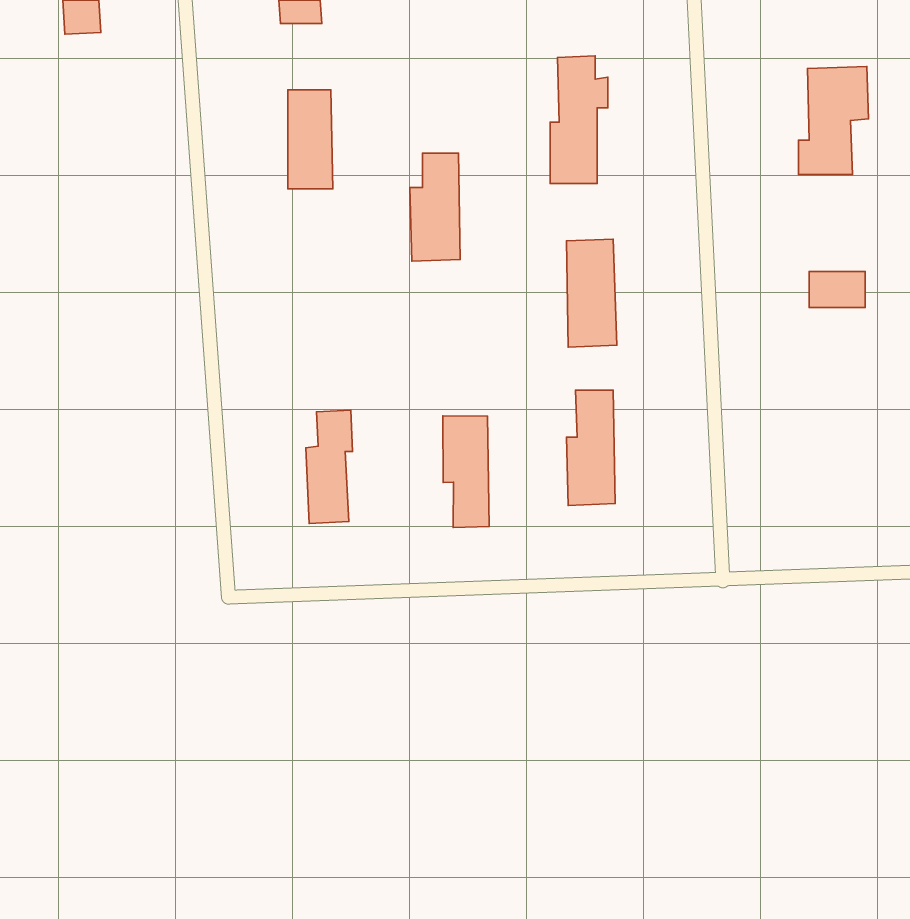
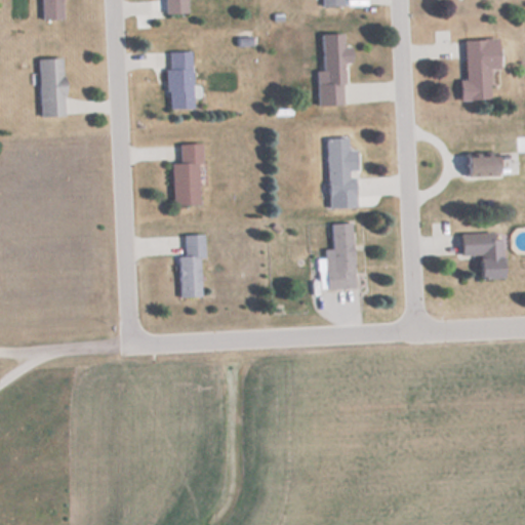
building: none -> [39,57,65,116]
building: [410,153,460,261] -> [173,144,202,205]
building: none -> [461,233,503,279]
building: [443,416,489,528] -> none

